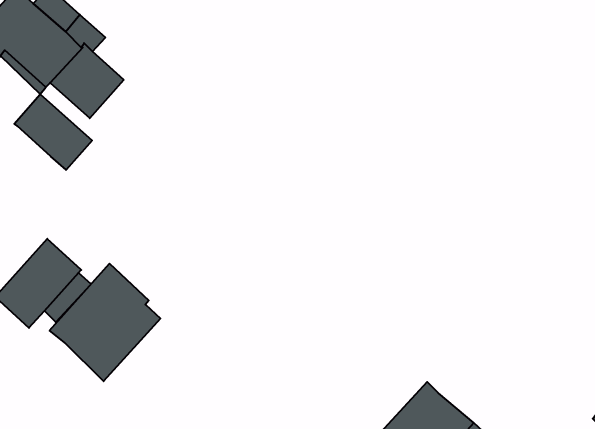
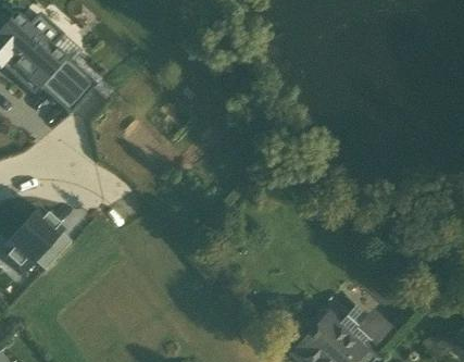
building: [14,94,92,170] -> none
building: [50,264,160,381] -> none
building: none -> [339,303,390,345]

